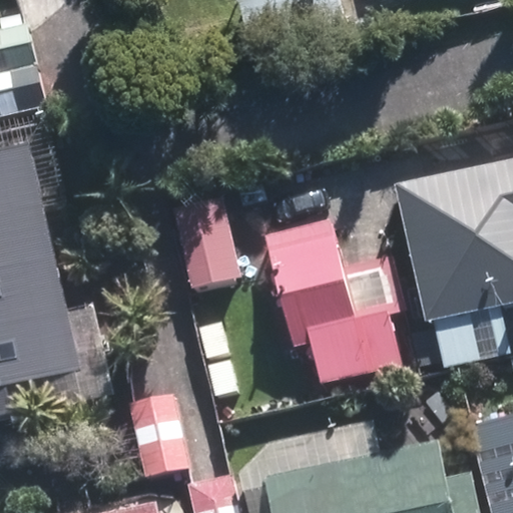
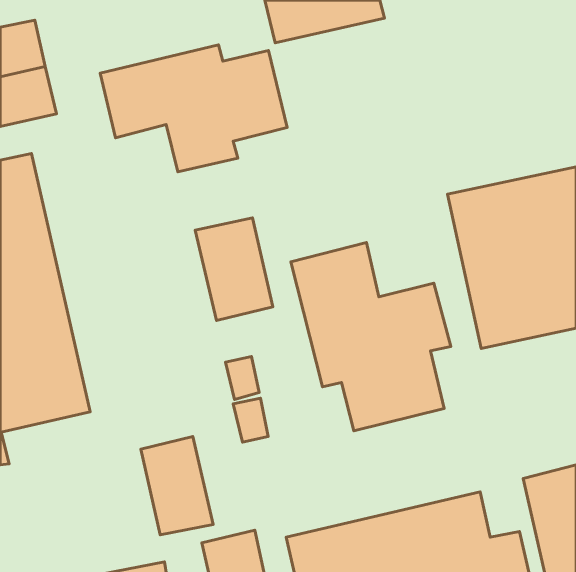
building: none -> [100,45,287,172]

